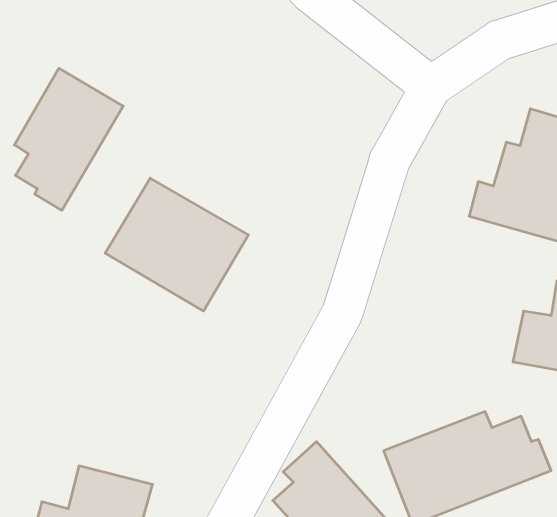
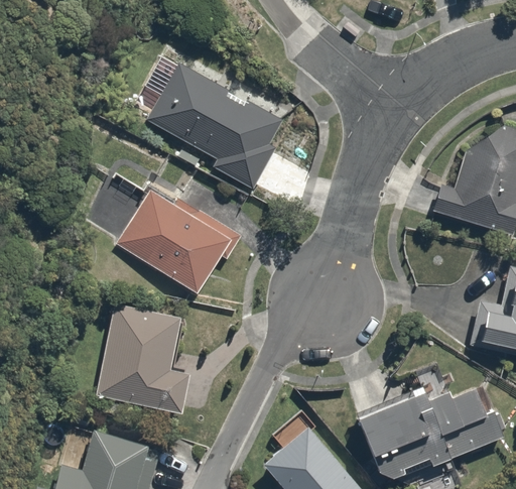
building: none -> [143,50,288,190]
building: [14,68,123,210] -> none
building: none -> [96,300,192,414]

